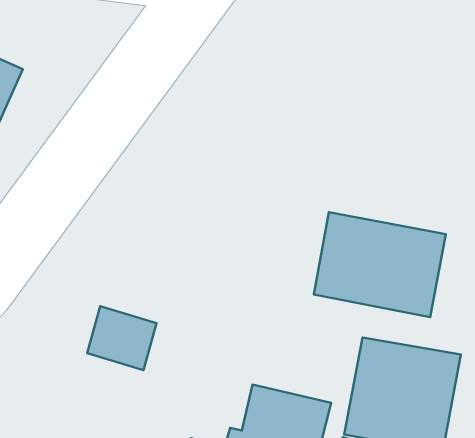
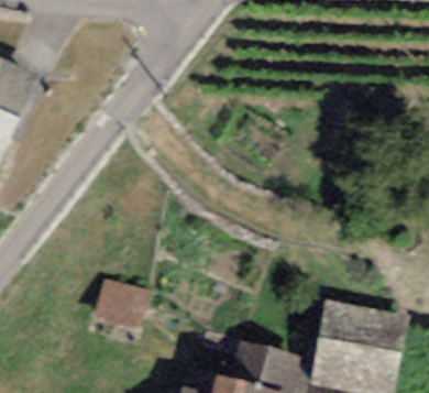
building: [314,212,446,317] -> none

